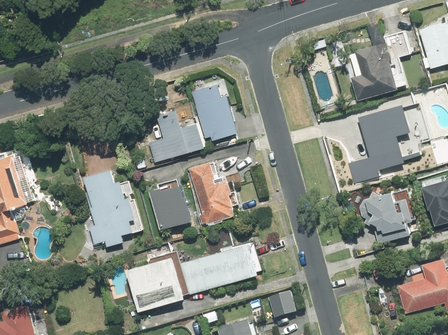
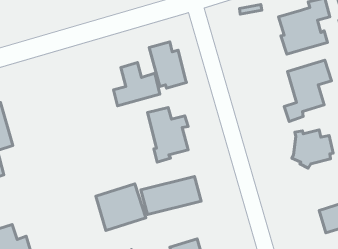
building: [84,168,139,246] -> none
building: [150,186,194,228] -> none
building: [265,292,294,320] -> none

